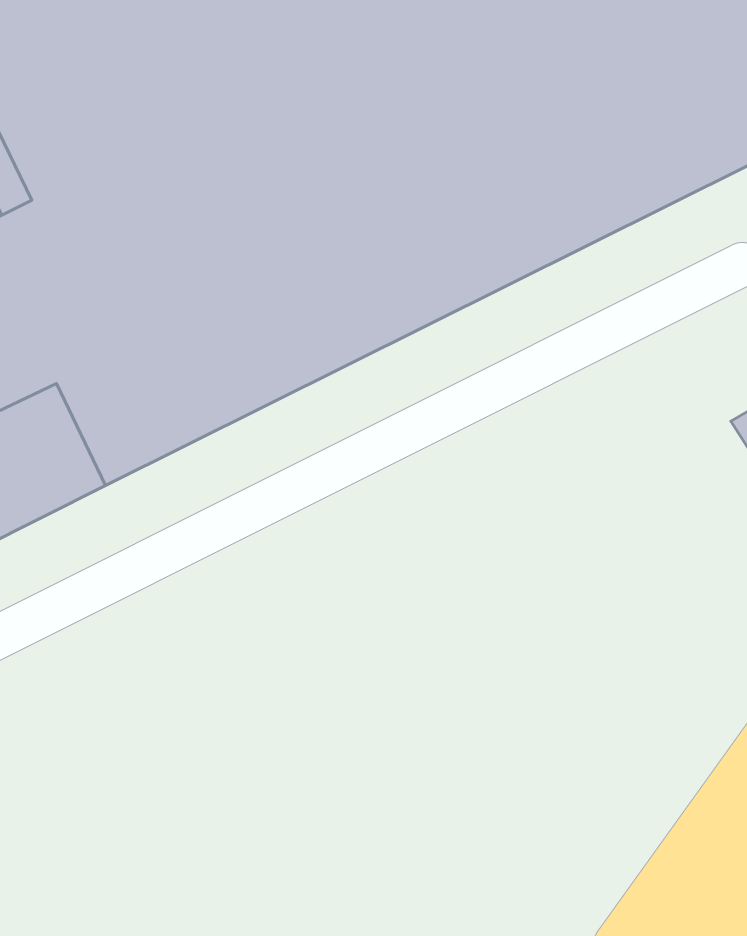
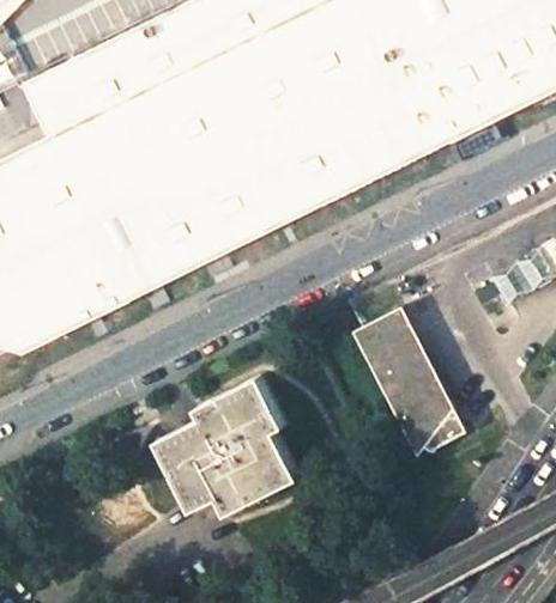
building: none -> [353,304,463,456]
building: none -> [155,374,294,512]

